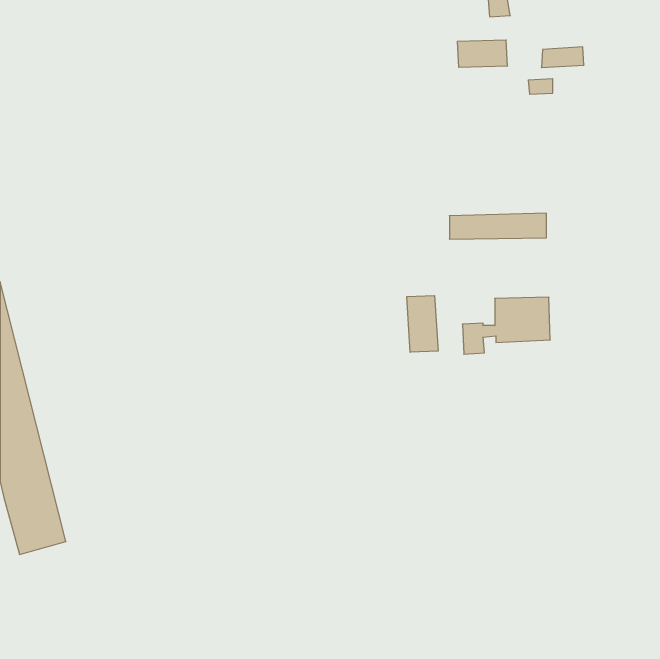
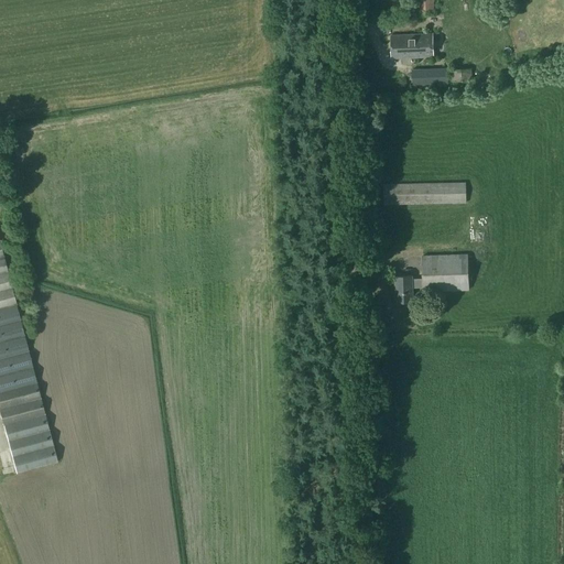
building: [541,47,584,68] -> [412,67,448,85]
building: [407,296,438,352] -> none

